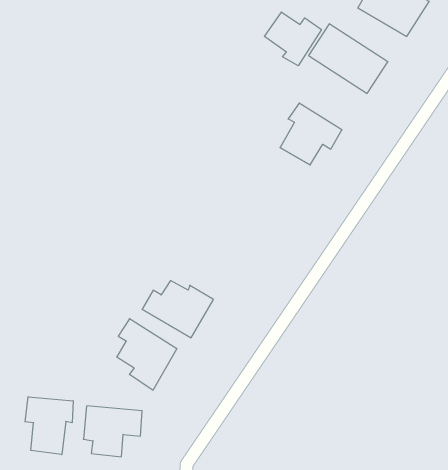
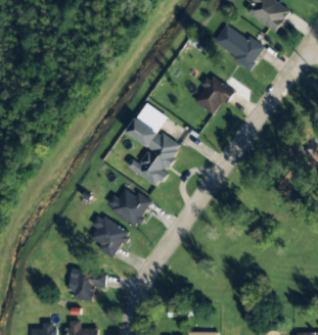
building: [264,12,321,66] -> none
building: none -> [127,103,182,187]
building: [25,397,73,455] -> none

